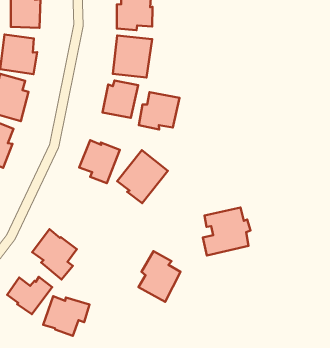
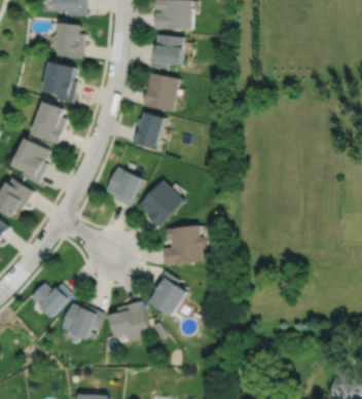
building: [139,92,179,129] -> none
building: [203,207,251,255] -> [162,224,206,264]
building: [32,229,77,279] -> none
building: none -> [108,300,148,342]

